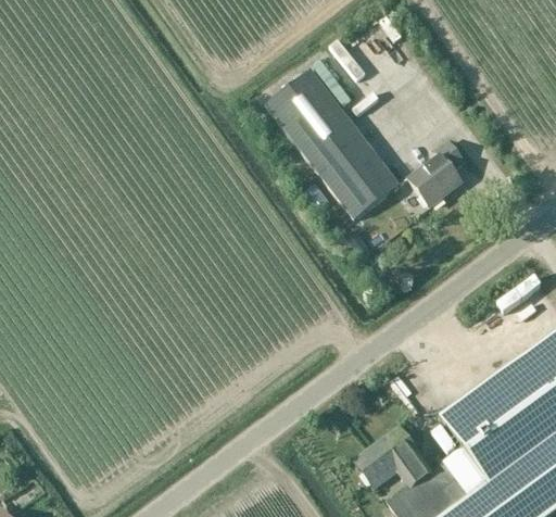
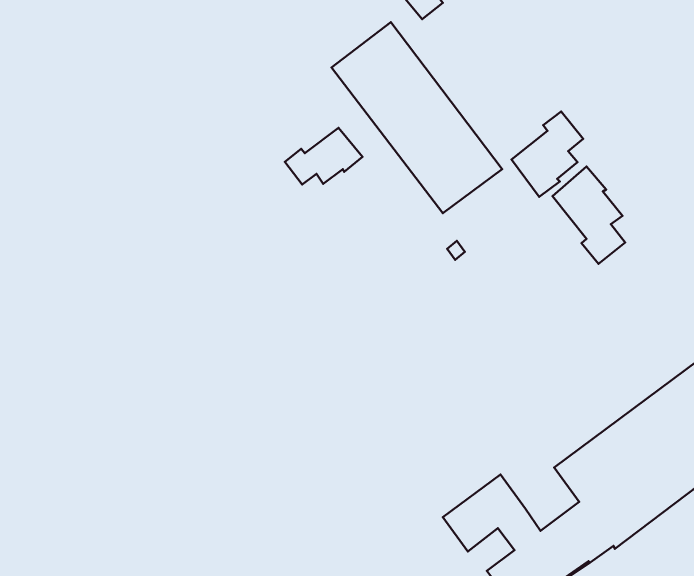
building: none -> [285,128,363,185]
building: none -> [553,166,625,264]

